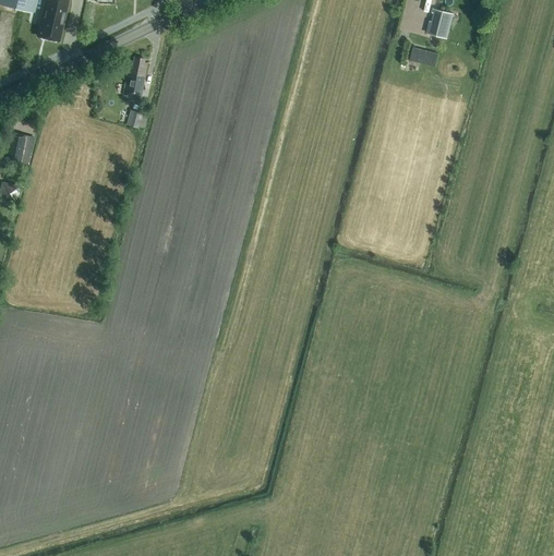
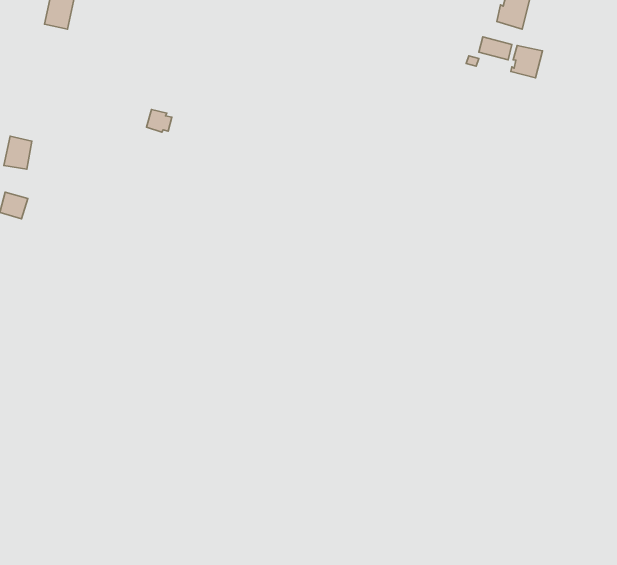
building: none -> [511,45,542,78]
building: [124,57,148,98] -> none

